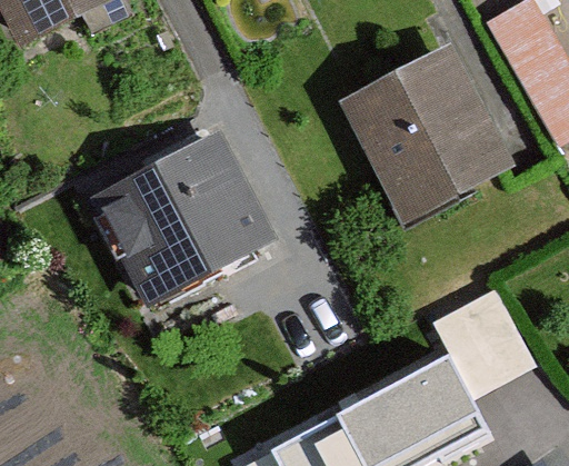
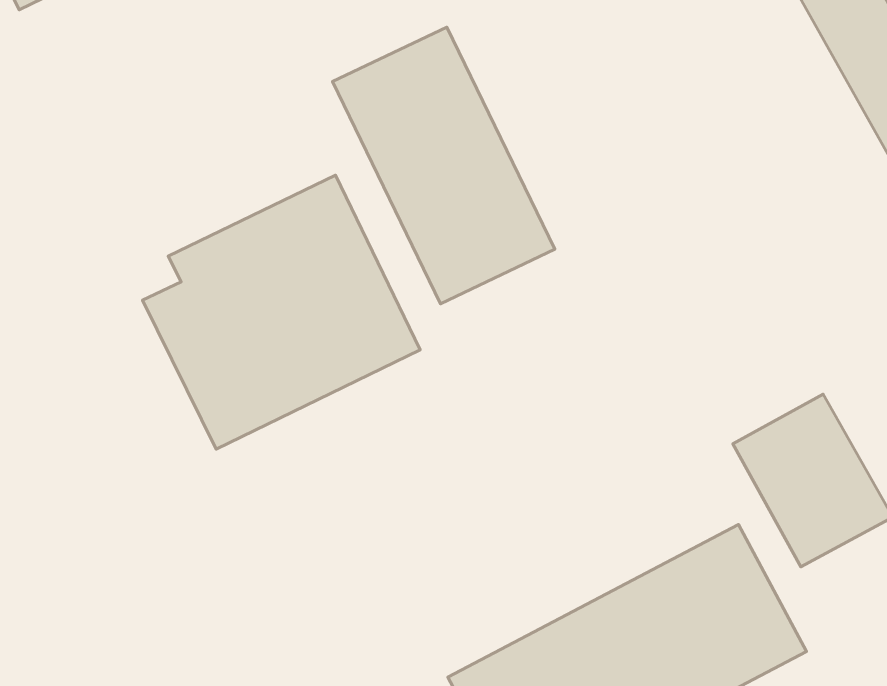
building: none -> [332,27,555,304]
building: [339,50,510,226] -> none

